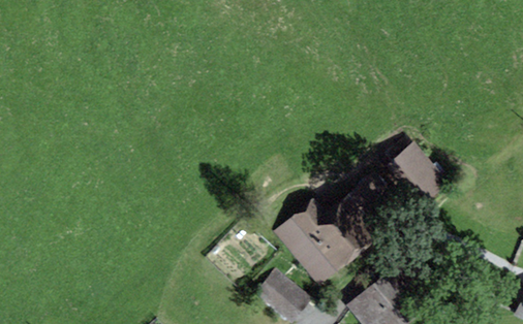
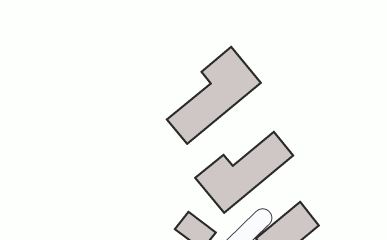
building: none -> [167,47,261,144]
building: [389,145,445,204] -> none

